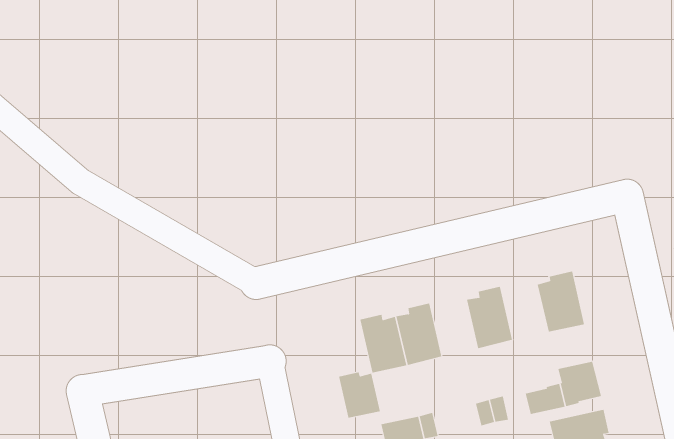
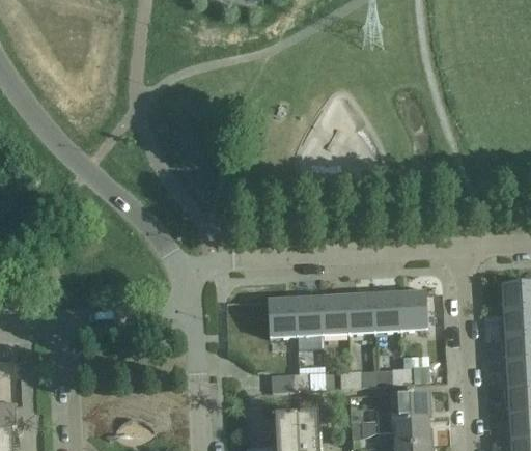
building: none -> [372,290,400,331]
building: none -> [320,293,348,334]
building: [338,372,381,419] -> none

